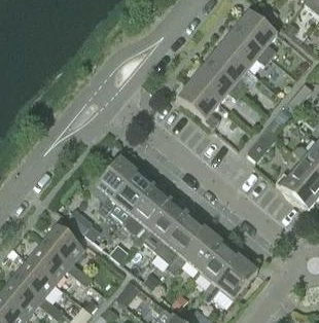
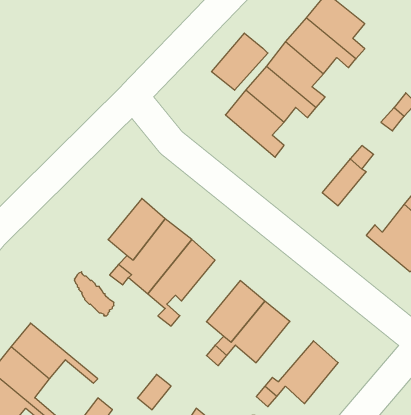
building: none -> [212,33,268,90]
building: [137,199,188,242] -> none
building: [41,224,92,282] -> none
building: [200,242,240,284] -> none

